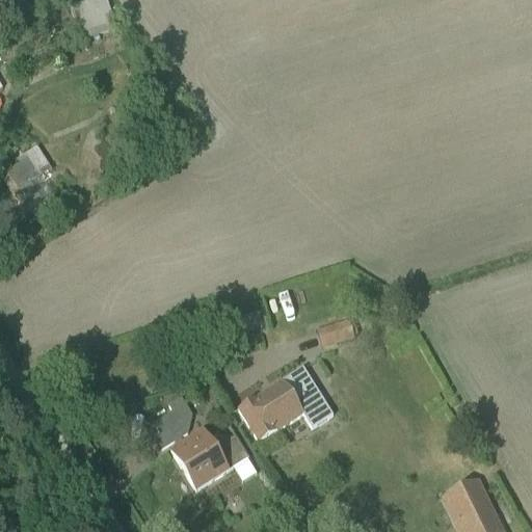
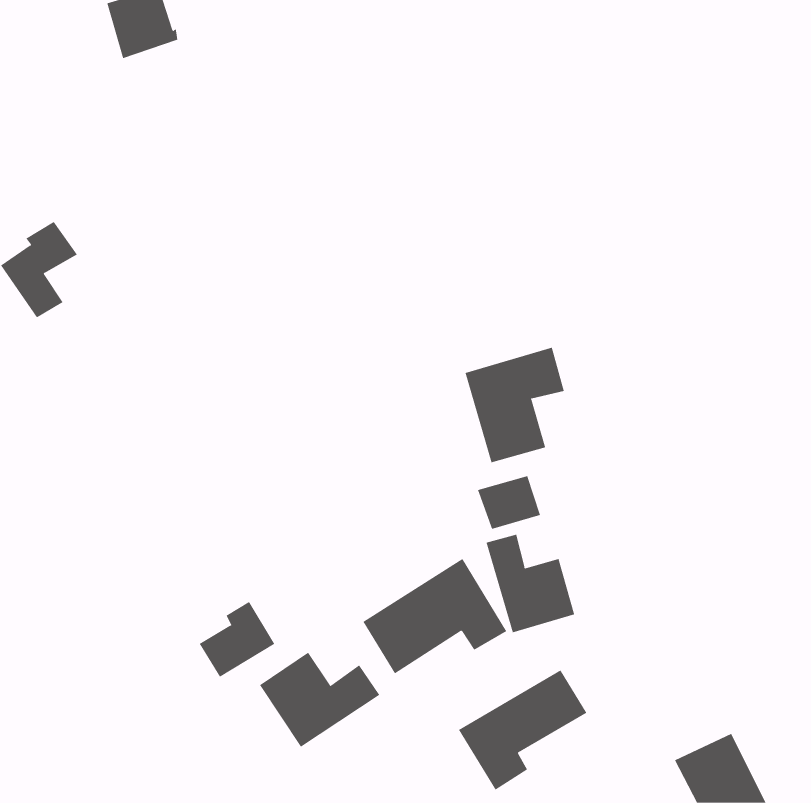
building: none -> [465,347,565,463]
building: none -> [486,534,575,633]
building: none -> [458,670,587,791]

